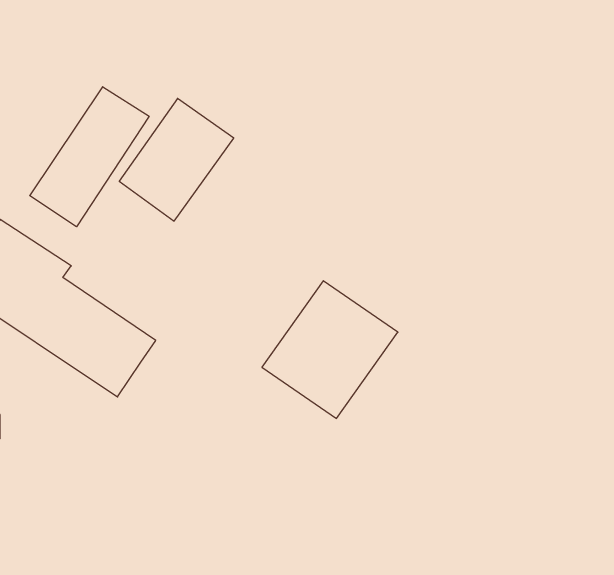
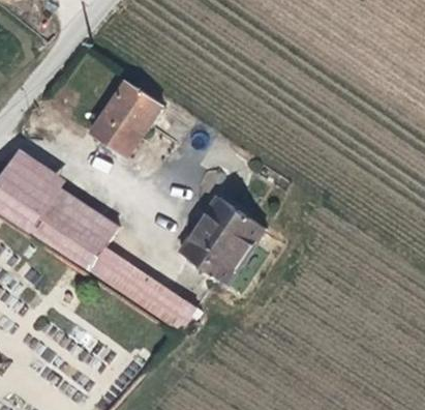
building: [30,87,149,227] -> none
building: none -> [88,245,193,328]

